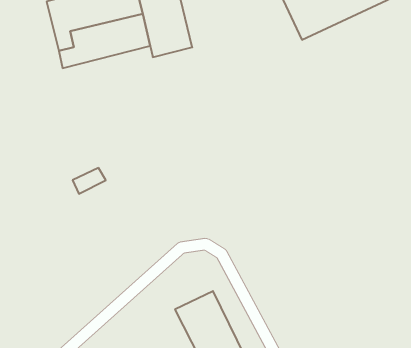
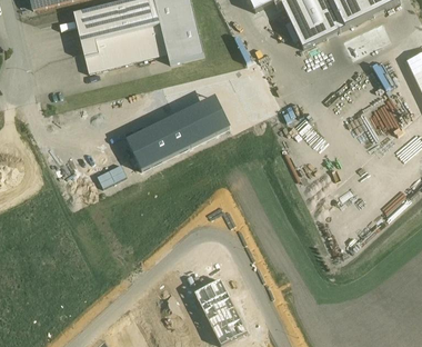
building: none -> [124,93,229,168]

